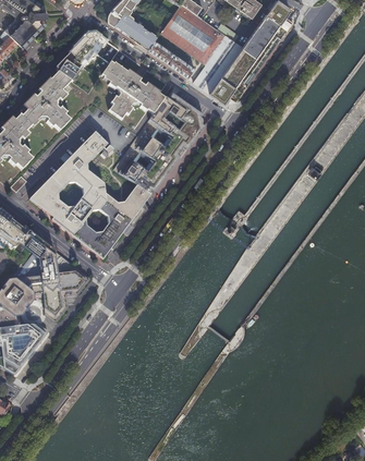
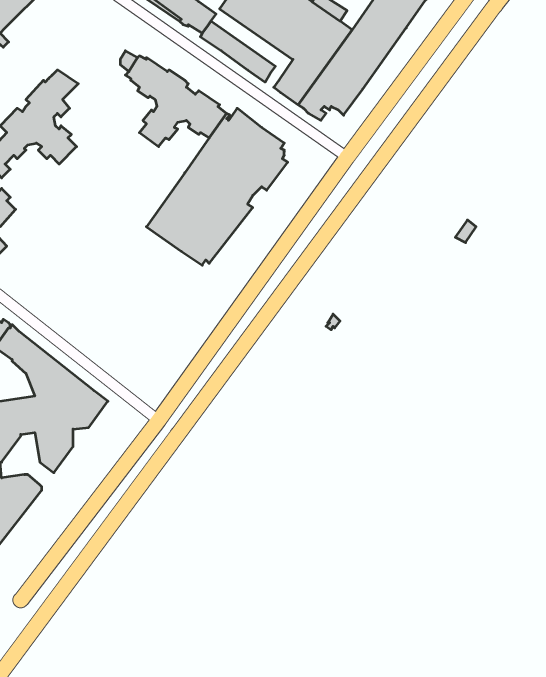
building: [56,32,106,80] -> none
building: [28,130,149,258] -> none

